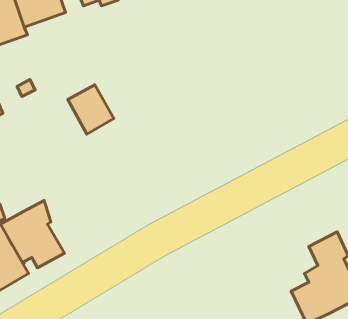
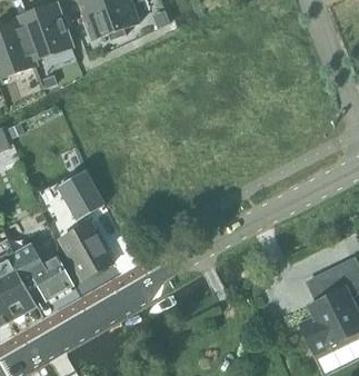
building: [68,85,114,134] -> [58,170,103,219]
building: none -> [58,220,113,279]

